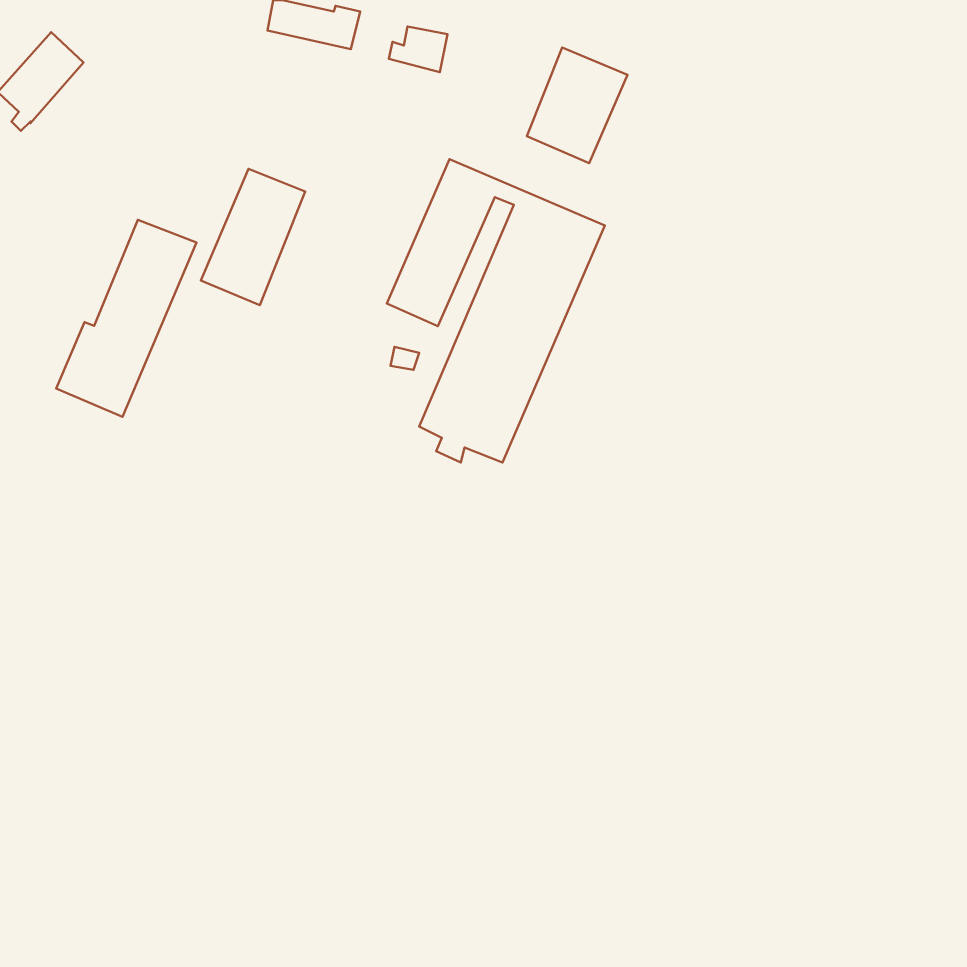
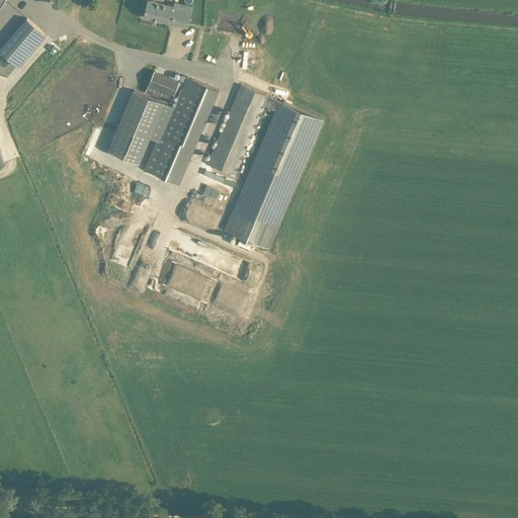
building: [527,47,628,163] -> none
building: none -> [144,71,179,104]
building: [56,220,196,417] -> [143,78,218,183]

